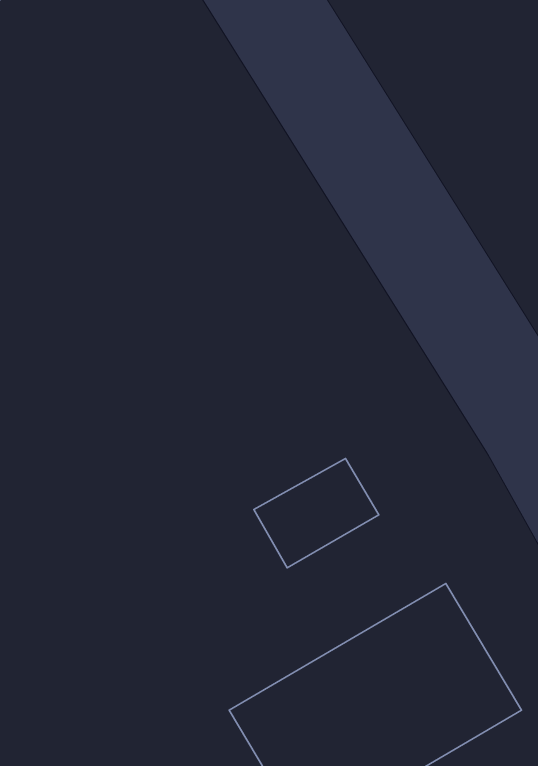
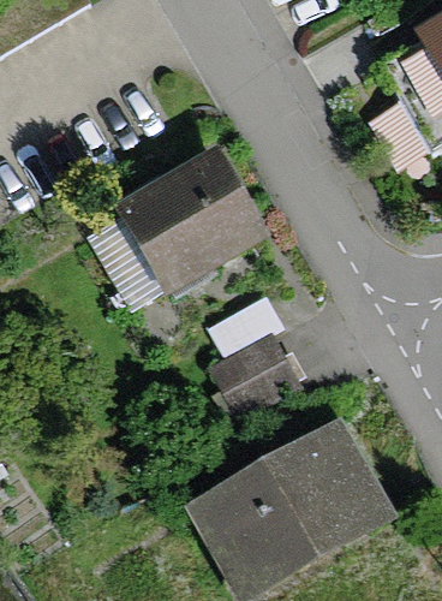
building: none -> [120,151,261,286]

